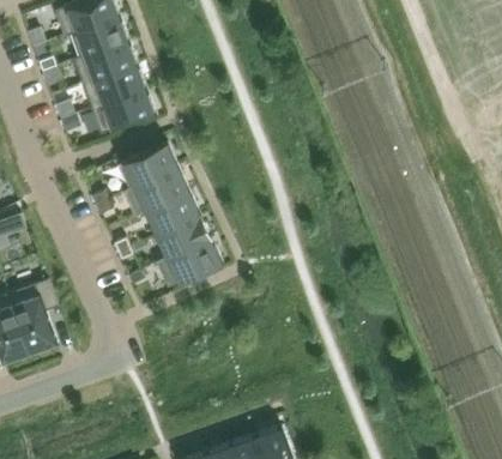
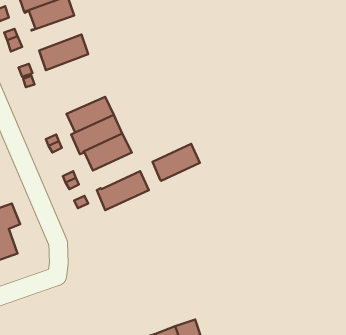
building: [74,41,138,85] -> none
building: [92,90,156,134] -> none
building: [152,215,212,261] -> [153,144,200,181]

